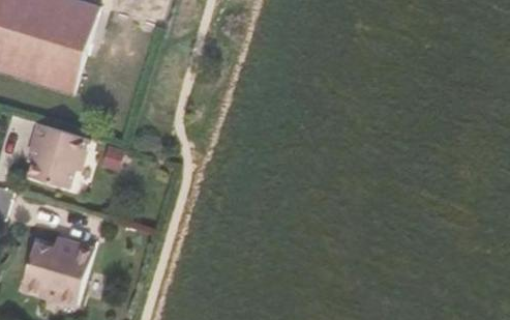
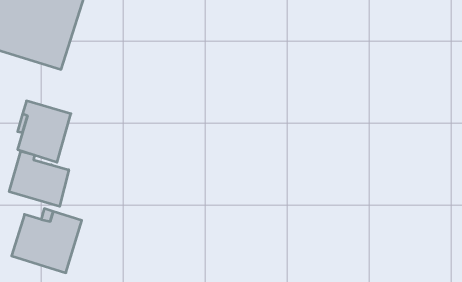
building: none -> [9,151,69,206]

